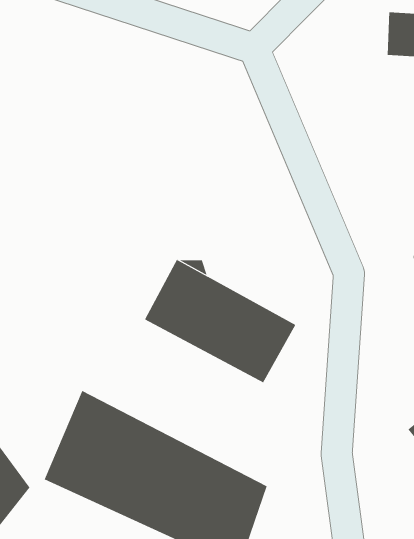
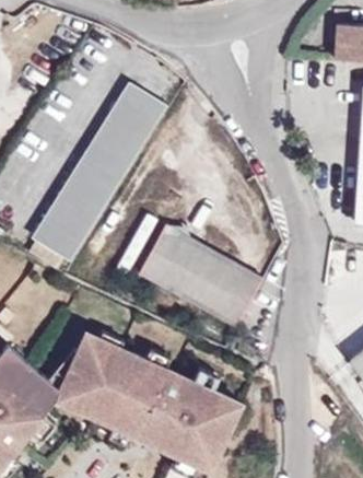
building: none -> [33,81,166,259]

